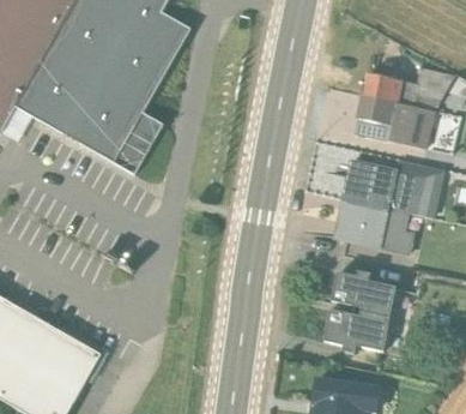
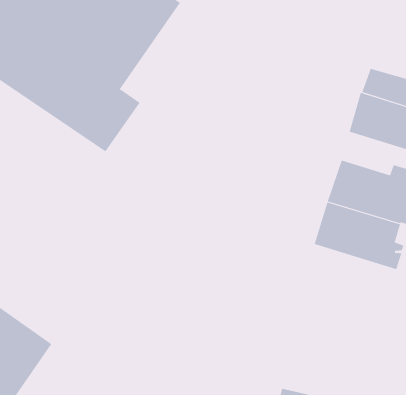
building: [322,272,395,352] -> none

